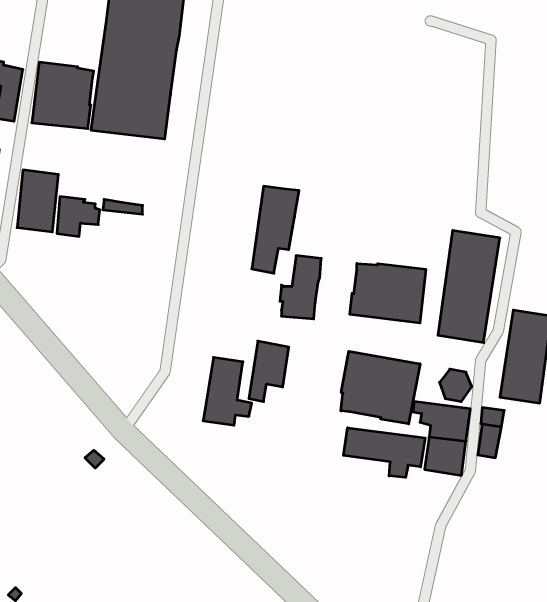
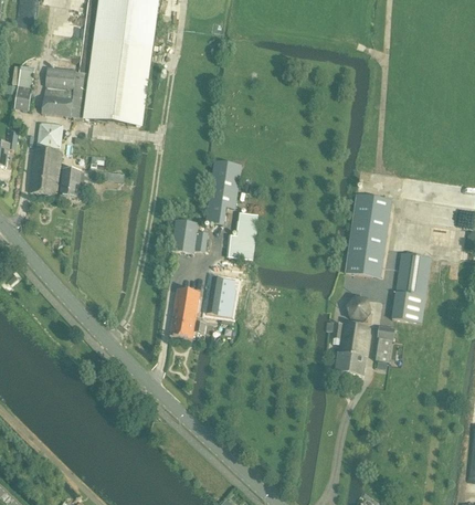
building: none -> [36,120,62,147]
building: [350,263,426,323] -> none
building: none -> [171,219,207,252]
building: [341,351,420,424] -> none
building: [343,428,425,477] -> none

